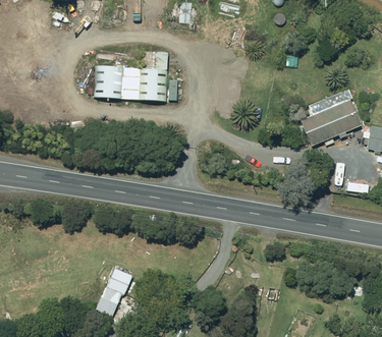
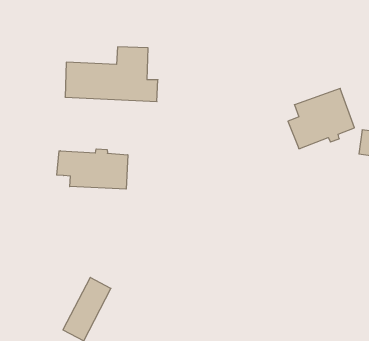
building: none -> [57,149,128,189]

